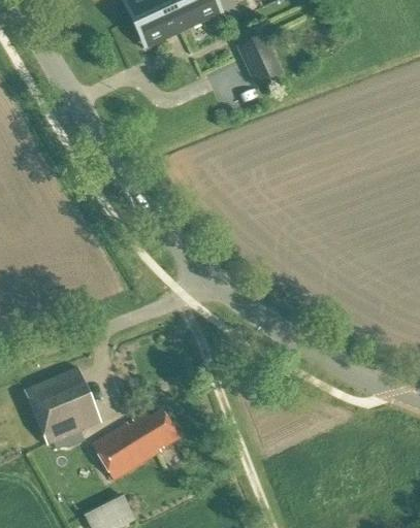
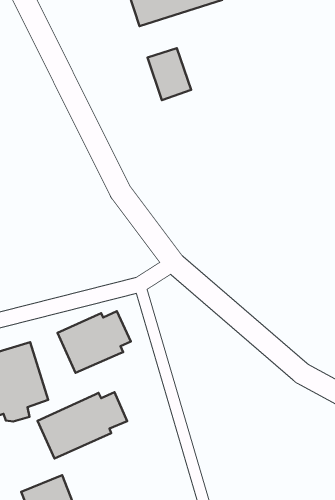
building: [236,33,283,86] -> [147,48,191,100]
building: none -> [57,311,131,373]

